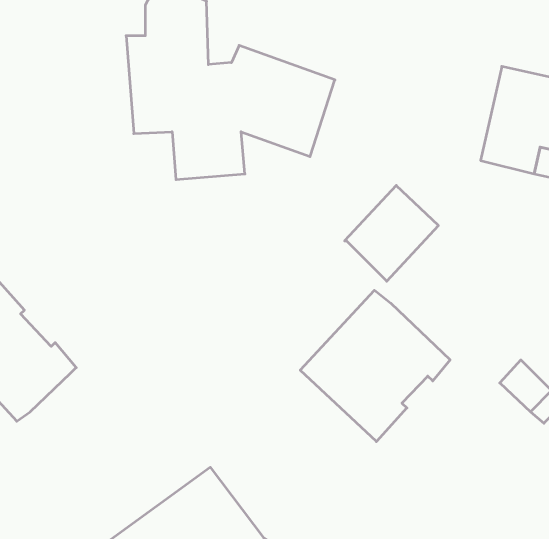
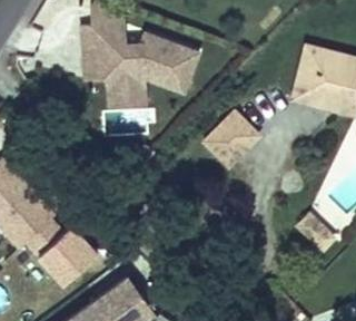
building: [300,290,450,442] -> none
building: none -> [27,221,97,284]

